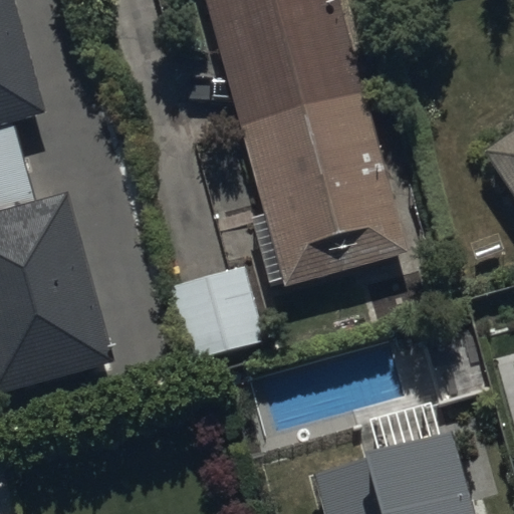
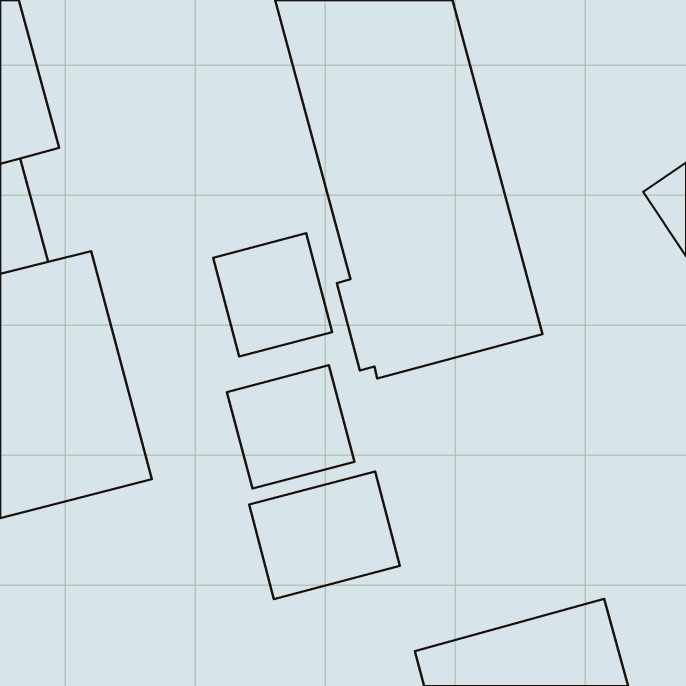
building: none -> [213,233,332,357]
building: none -> [249,471,400,599]

